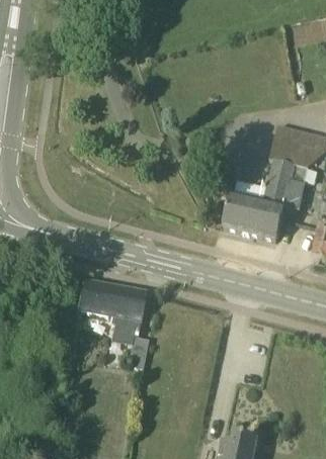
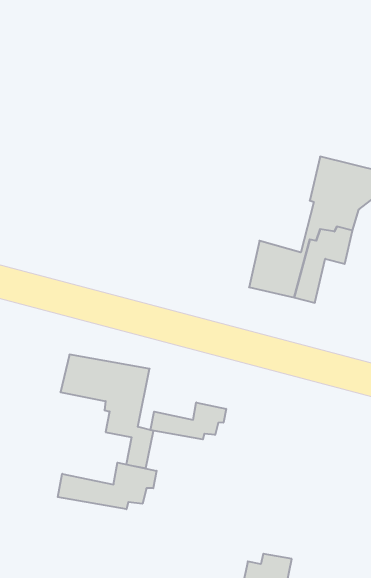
building: none -> [150,402,226,439]
building: none -> [58,463,157,509]

